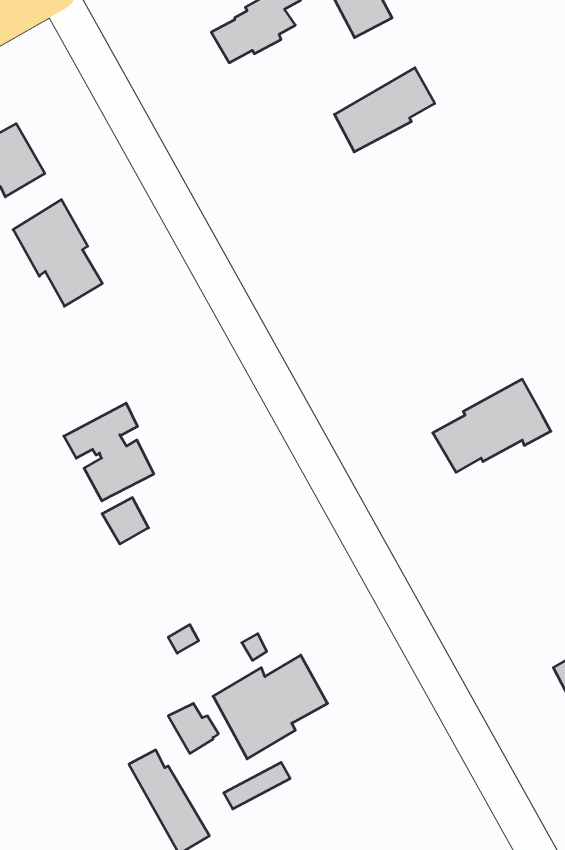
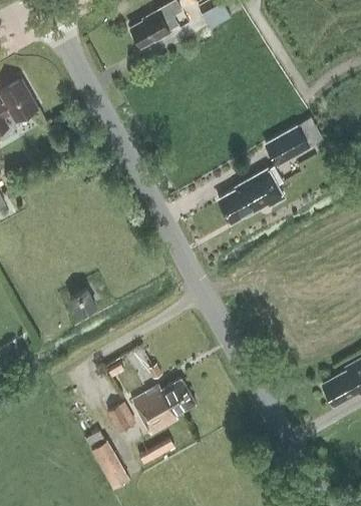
building: [334,68,435,152] -> [266,119,322,166]
building: [13,200,102,306] -> none
building: [433,379,551,472] -> [218,170,284,222]
building: [64,403,154,501] -> none

